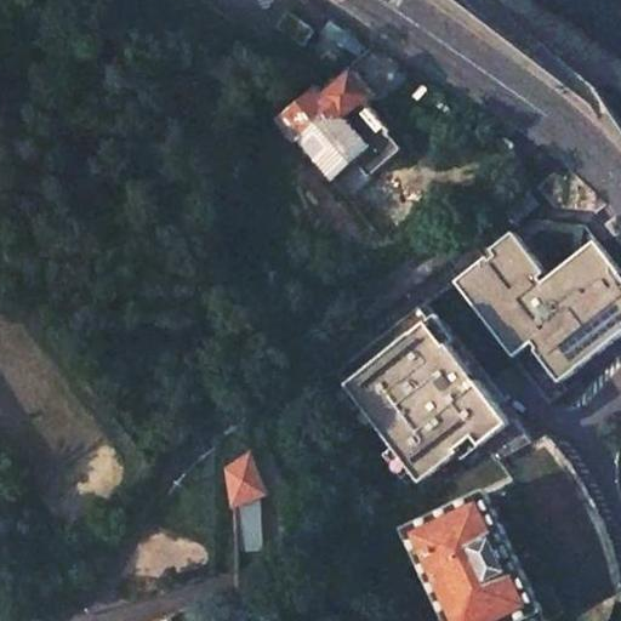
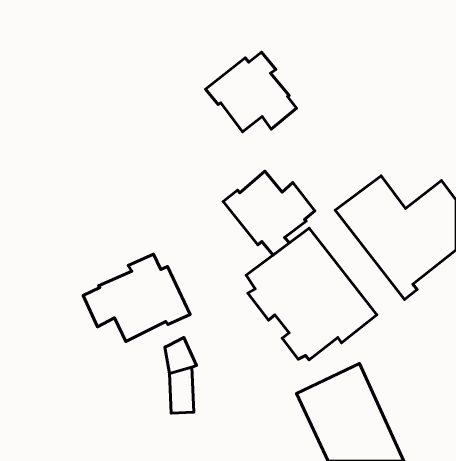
building: none -> [223,171,315,255]
building: none -> [83,254,190,341]

